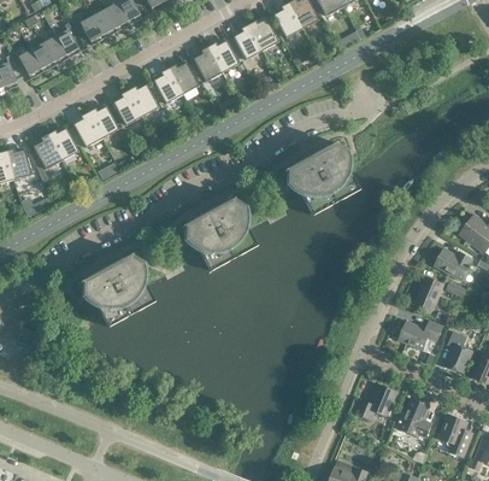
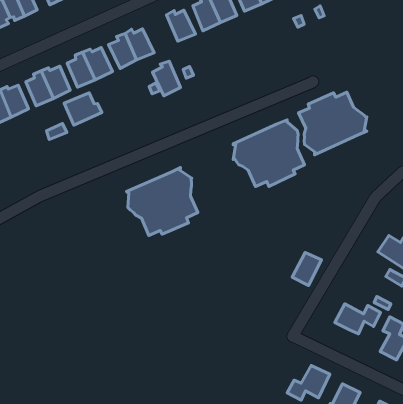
building: [193,46,222,81] -> [152,61,180,96]
building: none -> [298,92,367,155]
building: none -> [64,93,102,125]
building: [79,252,152,322] -> none
building: [416,276,443,309] -> [292,253,321,286]

